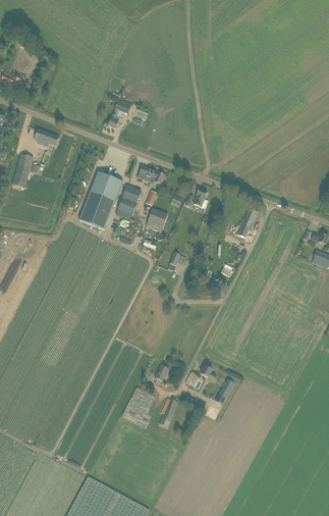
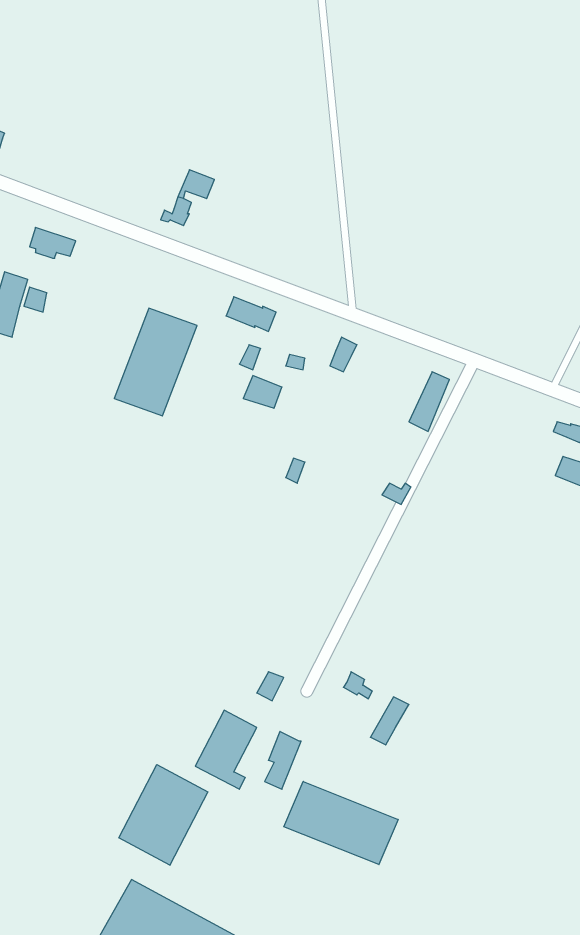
building: [117,186,141,213] -> none
building: none -> [119,765,208,865]
building: none -> [284,781,398,865]

